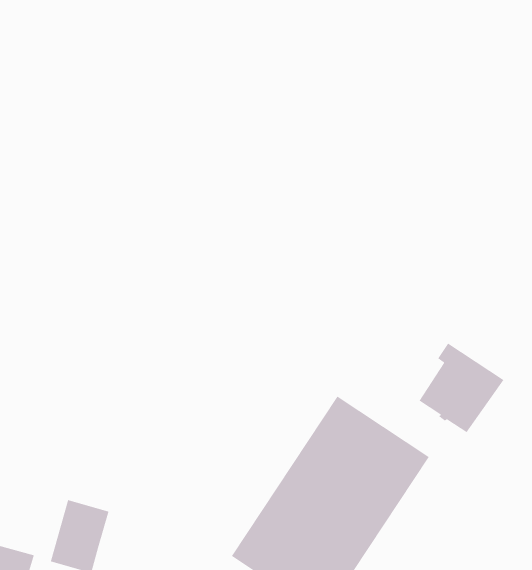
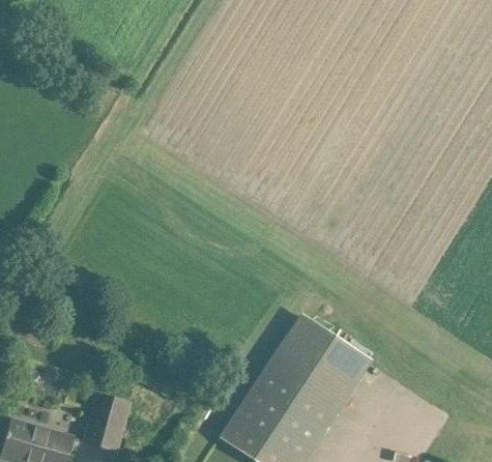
building: [419,343,504,433] -> none

